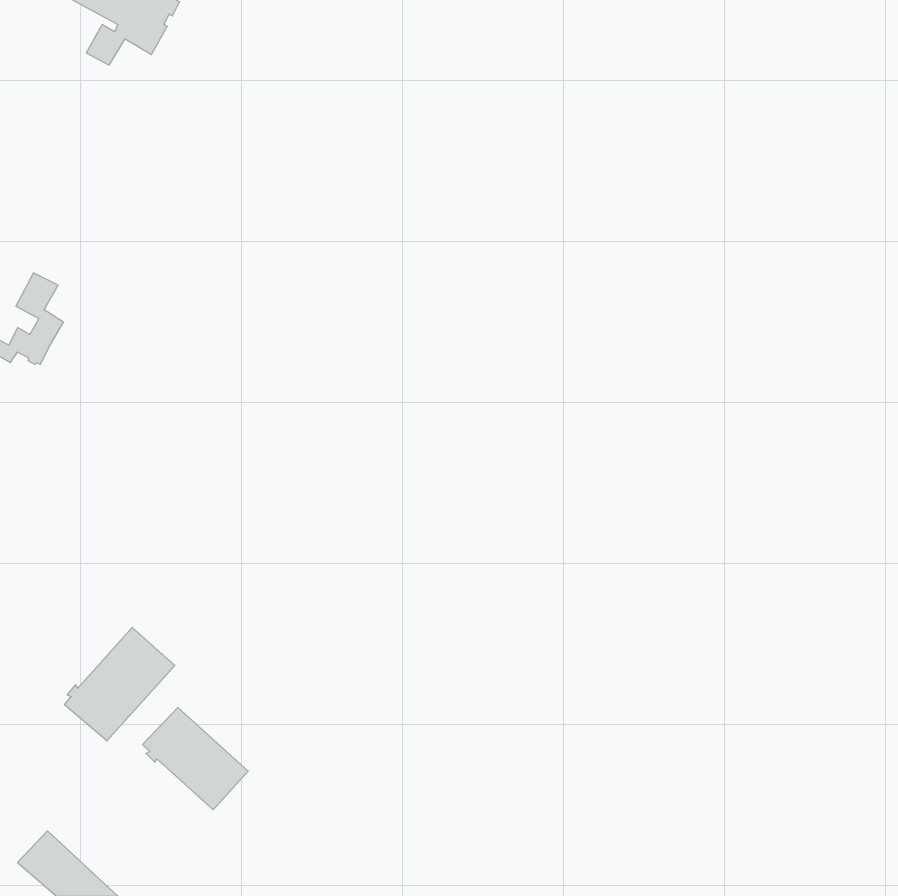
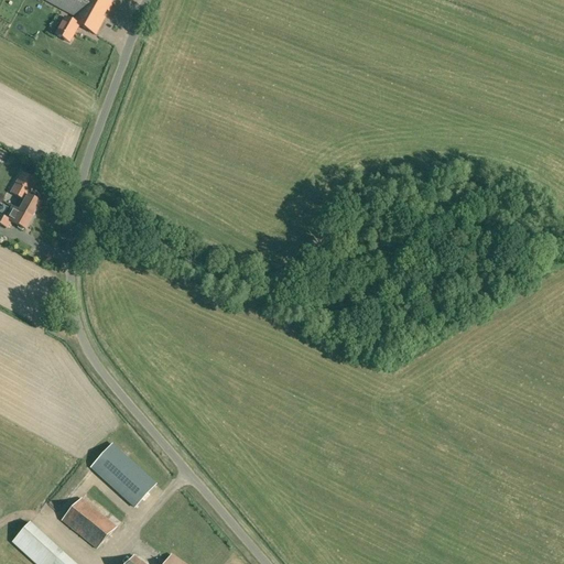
building: [65,628,175,741] -> none
building: none -> [61,497,116,549]

